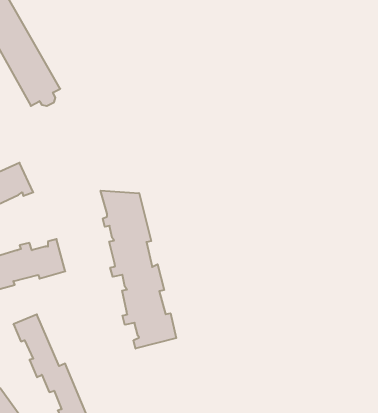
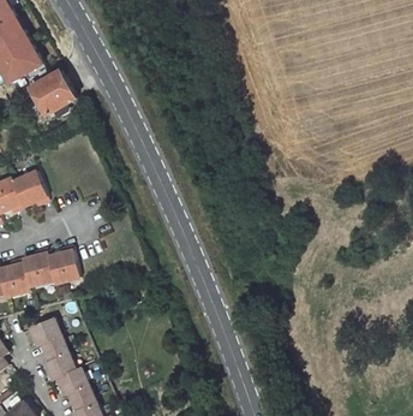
building: [101,191,176,349] -> none

